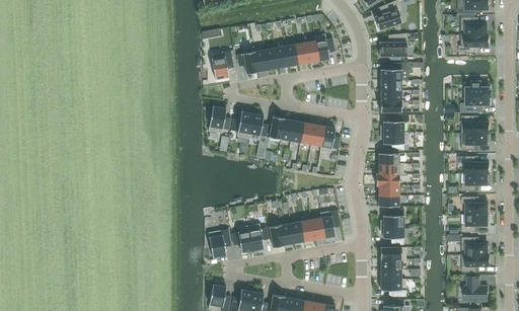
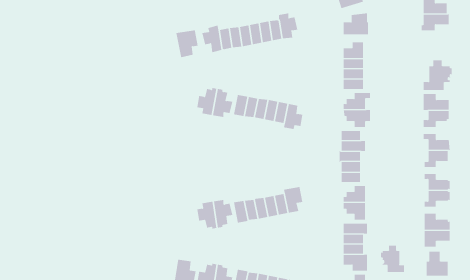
building: [208,106,230,134] -> none
building: [208,230,231,258] -> none
building: none -> [381,245,405,273]

